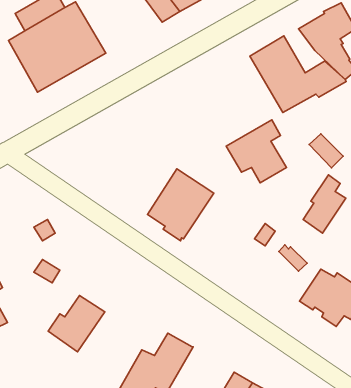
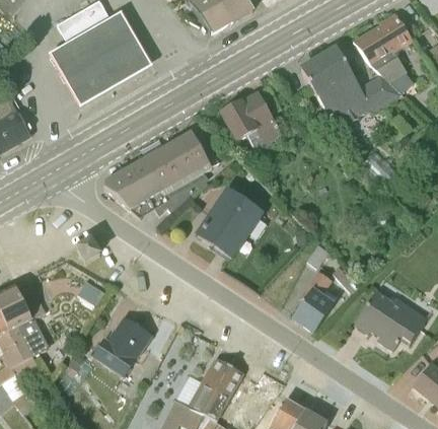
building: none -> [104,131,212,216]
building: [226,120,286,183] -> [221,85,284,151]
building: [303,175,346,233] -> [293,270,338,331]

